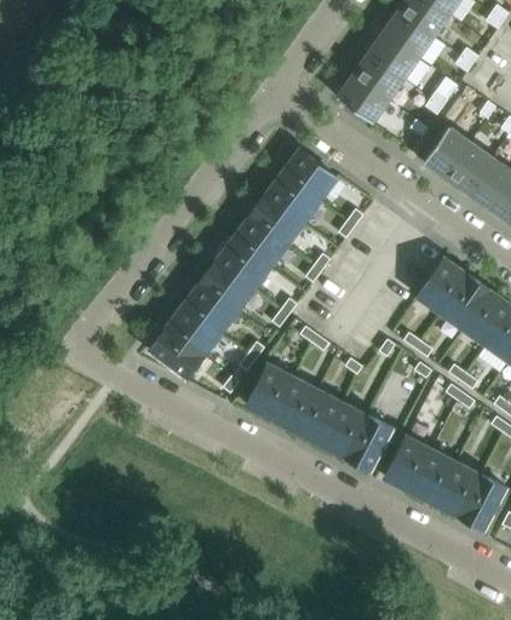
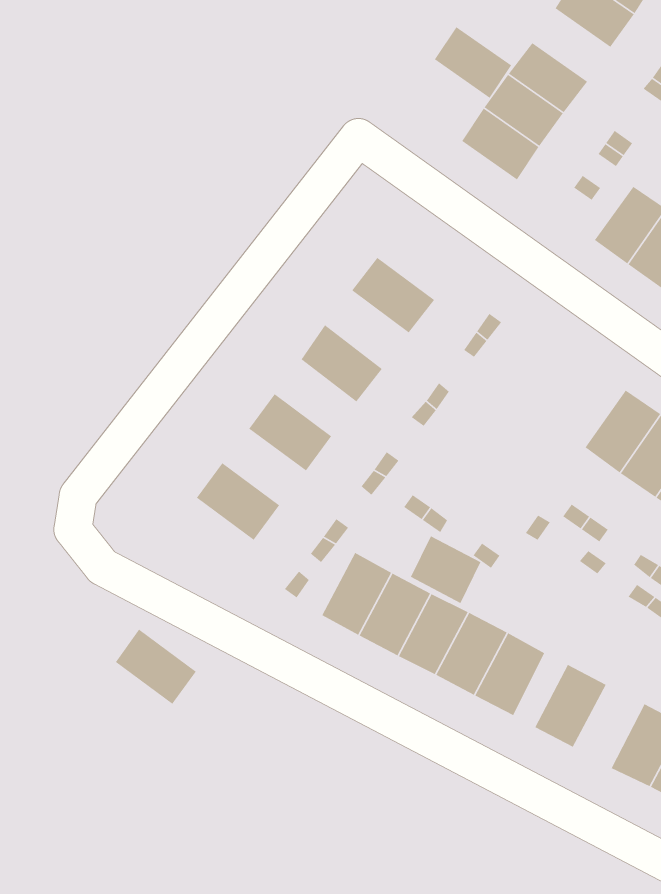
building: [383,11,434,58] -> [434,26,512,99]
building: [282,149,337,200] -> none
building: [248,194,303,245] -> none
building: [216,239,269,288] -> none
building: [182,283,236,333] -> none
building: [149,328,202,378] -> [115,628,197,705]
building: none -> [410,535,481,604]
building: [409,449,455,504] -> none

